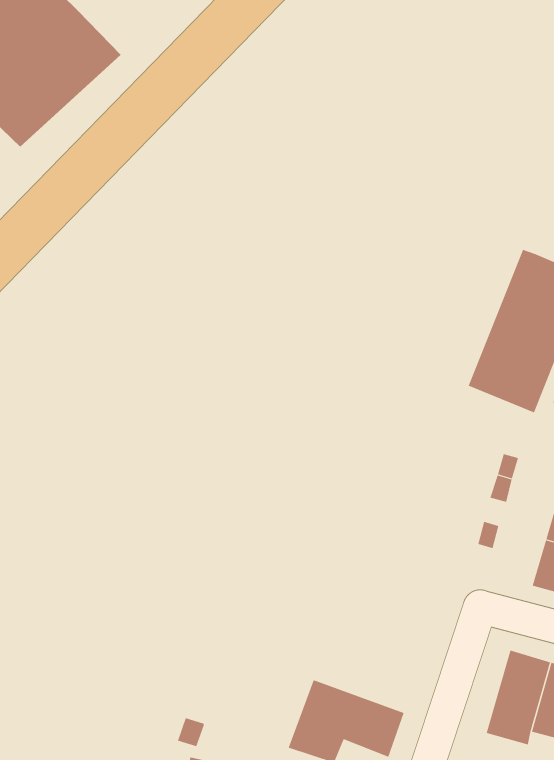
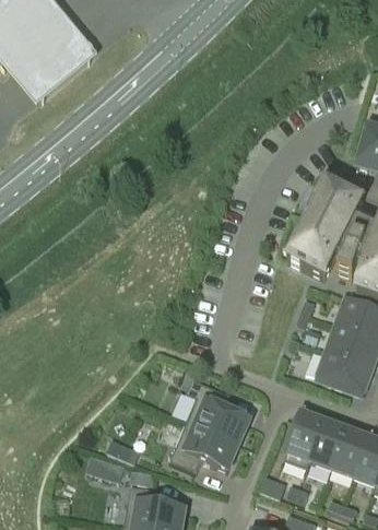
building: none -> [186,378,248,444]

